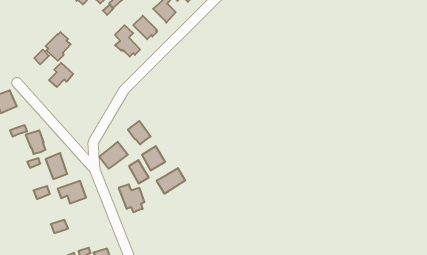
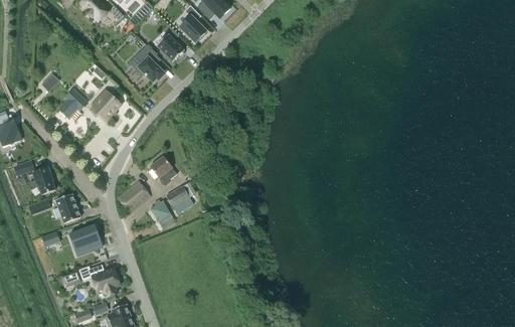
building: [46,32,71,61] -> [91,90,120,123]
building: [157,168,185,194] -> none
building: [119,184,145,212] -> [89,265,119,297]

